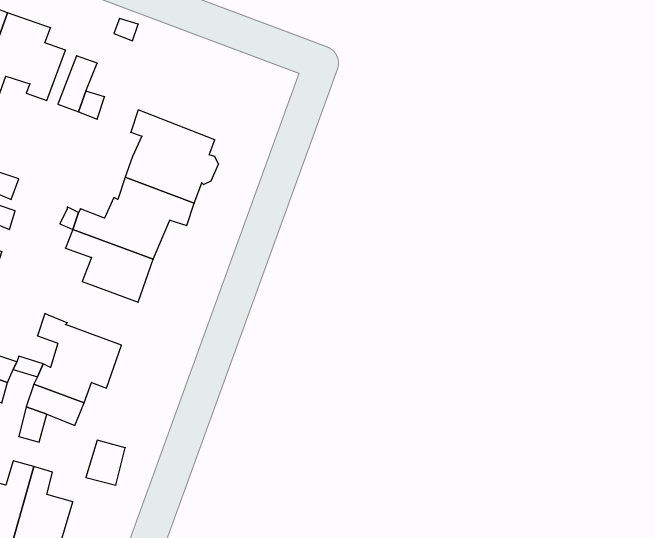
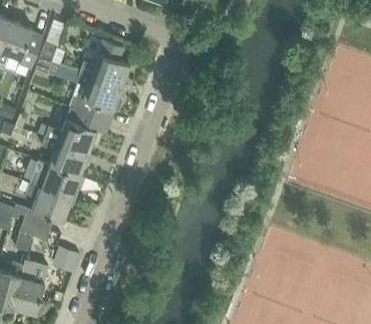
building: none -> [79,40,129,88]
building: none -> [31,160,79,199]

